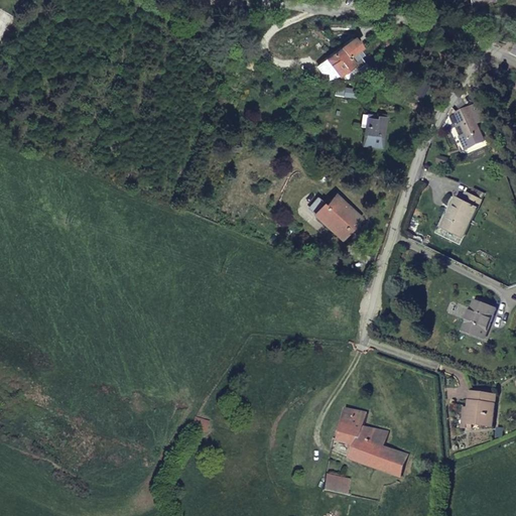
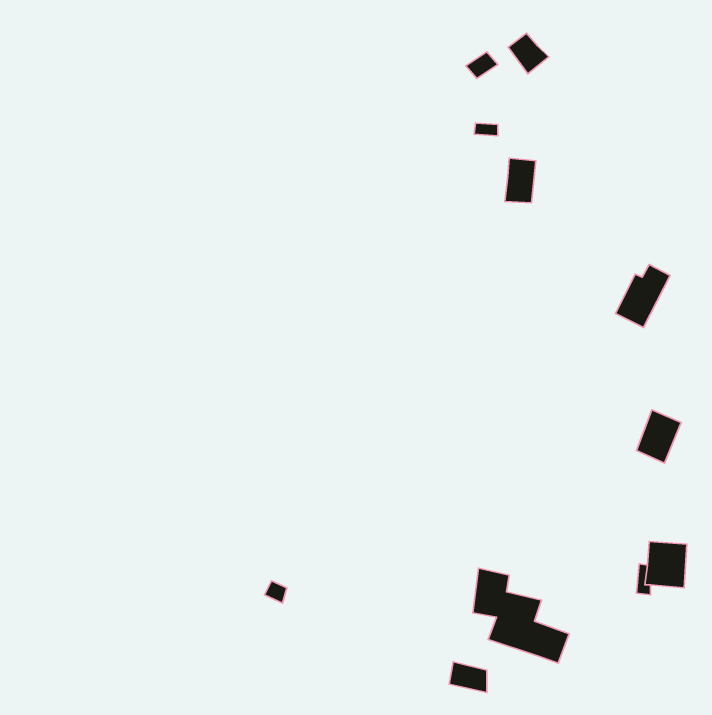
building: [322,47,352,77] -> [508,33,549,74]
building: [458,108,480,136] -> none
building: [317,200,358,241] -> none

